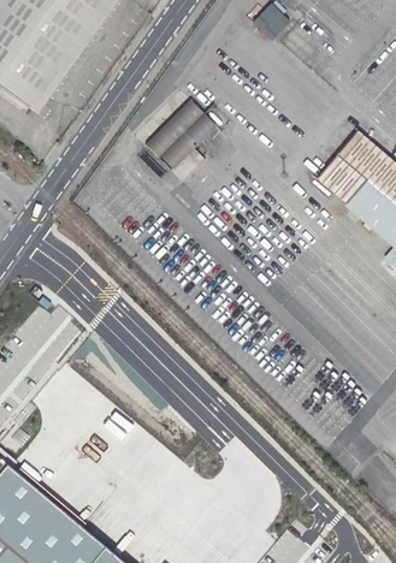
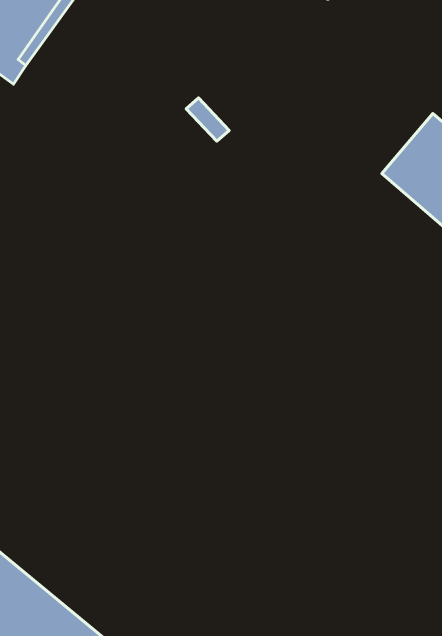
building: [173,101,215,143] -> none
building: [147,126,188,168] -> none

